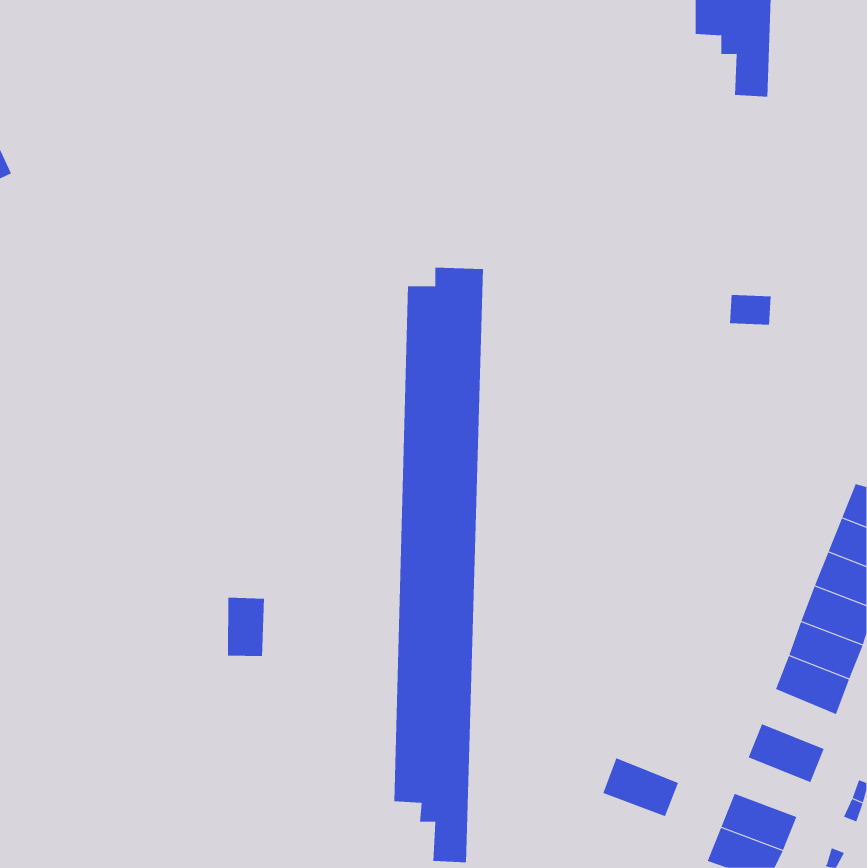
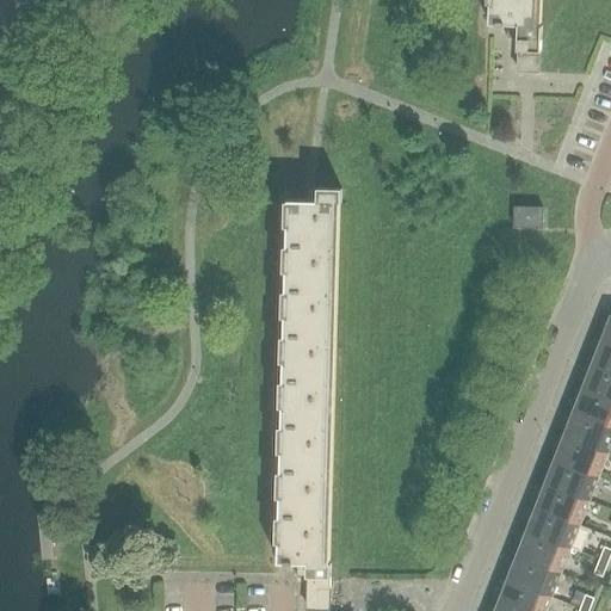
building: [228,597,264,657] -> none
building: none -> [533,483,586,525]
building: [602,757,679,817] -> [514,531,568,573]

